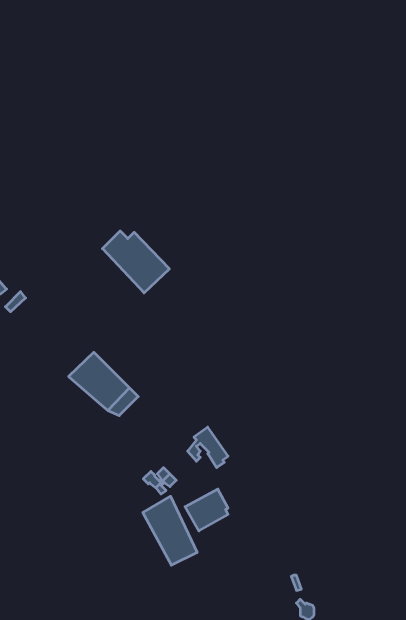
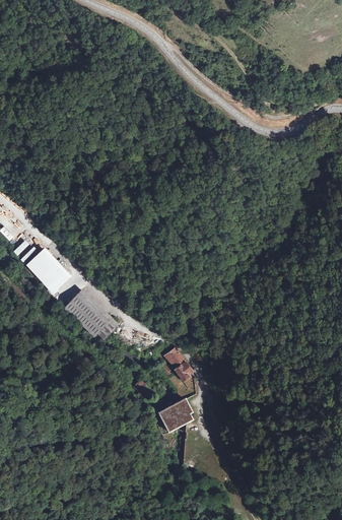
building: [102,231,169,293] -> [19,246,73,296]
building: [143,496,197,565] -> none

